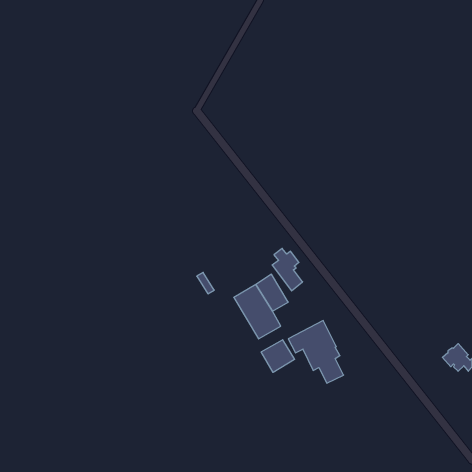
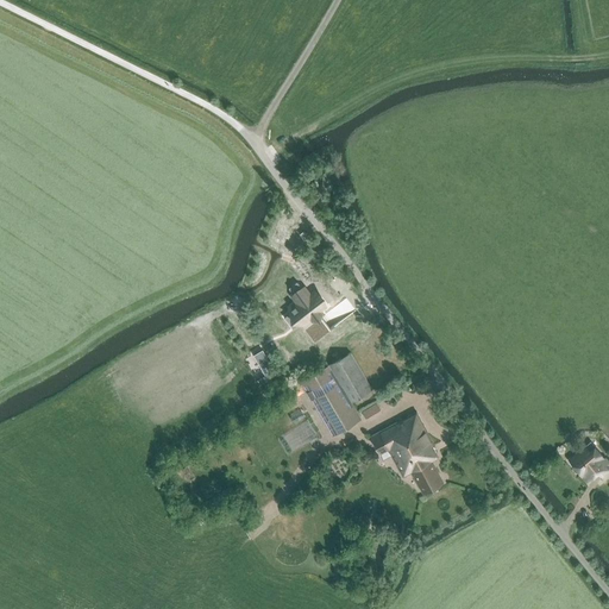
building: [272,248,303,291] -> [290,288,329,343]
building: [261,340,295,372] -> none

